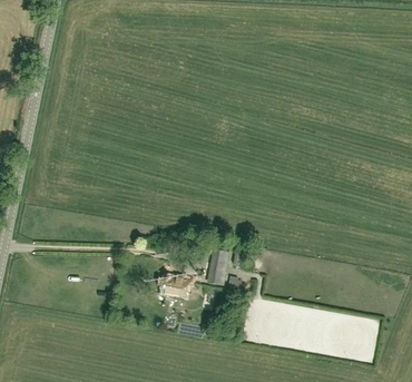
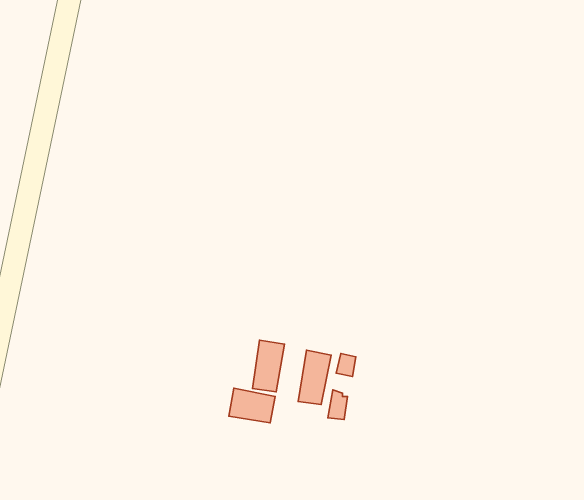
building: none -> [253,340,285,392]

